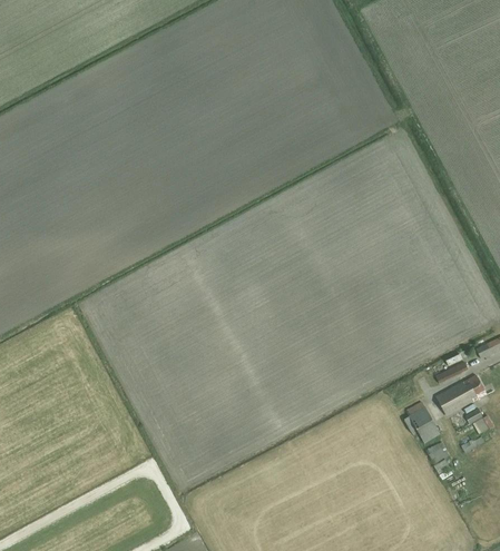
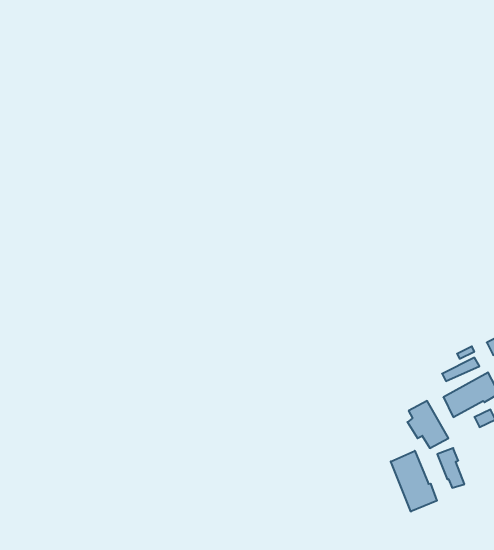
building: none -> [391,451,437,512]

